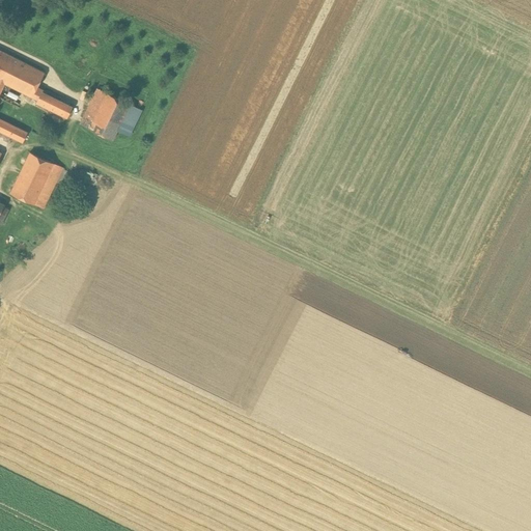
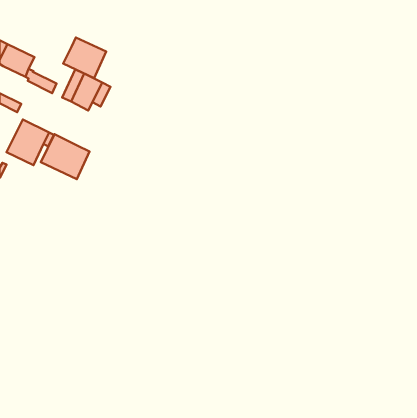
building: none -> [63,38,106,78]
building: none -> [41,134,90,179]

